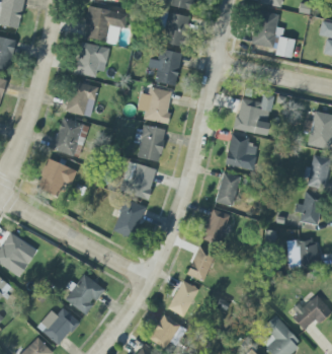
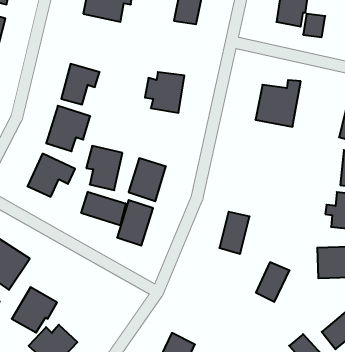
building: [75,42,109,76] -> none
building: [148,50,180,85] -> none
building: [135,124,166,162] -> [86,146,122,190]
building: [224,133,257,168] -> none
building: [217,172,239,205] -> none
building: none -> [81,192,126,225]
building: [186,246,216,281] -> [256,262,290,302]
building: [65,274,104,313] -> [12,287,57,333]
building: [169,280,197,316] -> none

